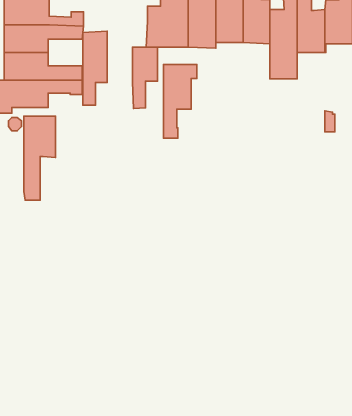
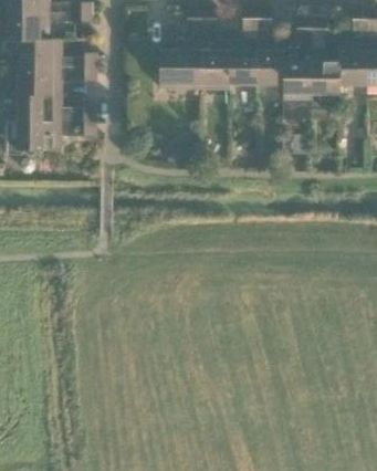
building: [83,31,107,105] -> none
building: [133,47,158,109] -> none
building: [164,64,197,138] -> none
building: [24,116,55,200] -> none

